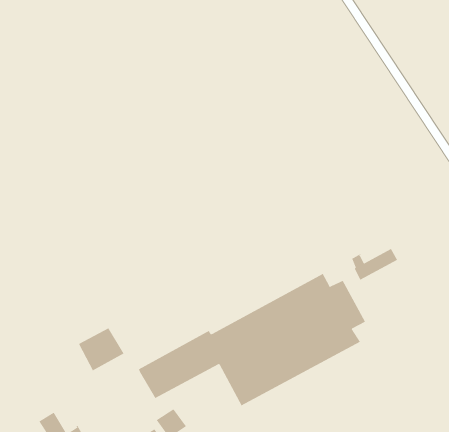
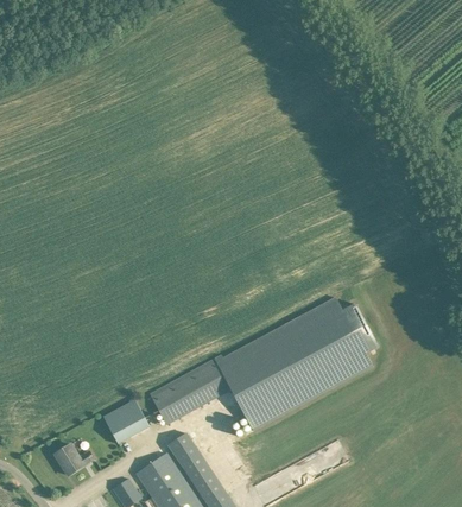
building: [351,248,398,280] -> none
building: [78,327,124,371] -> [103,399,150,443]

